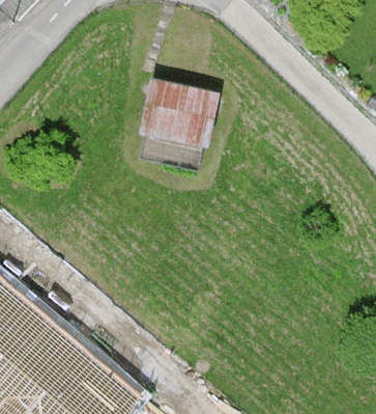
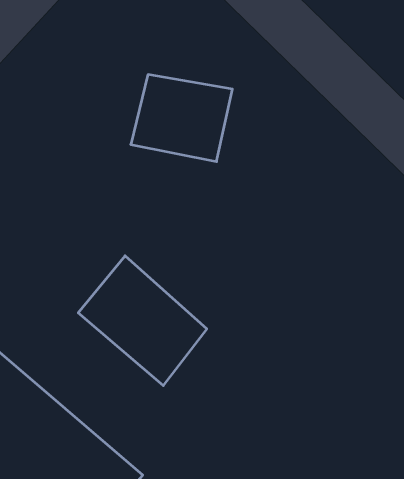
building: none -> [78,256,207,386]

